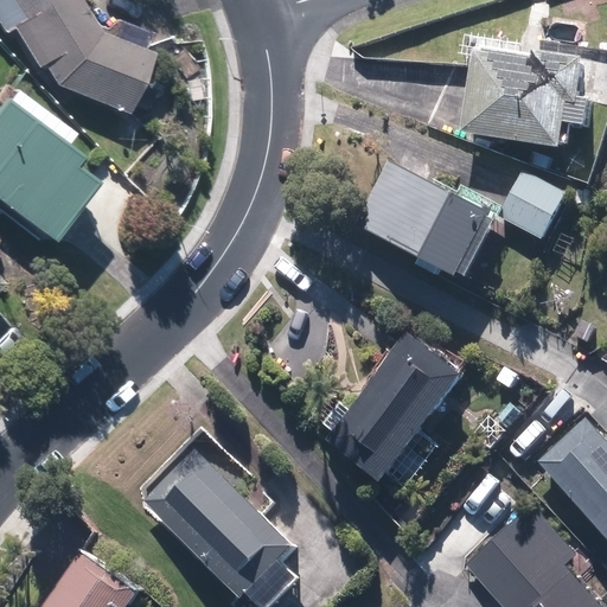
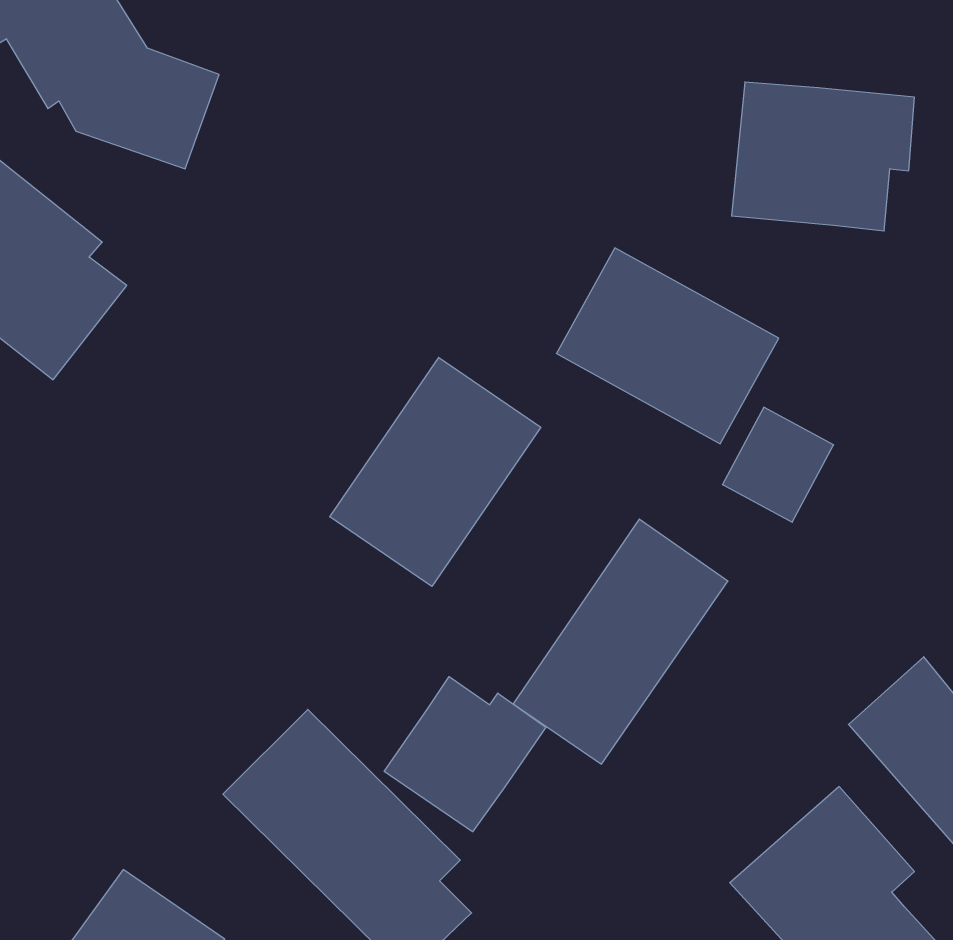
building: [498,168,568,241] -> [722,407,834,522]
building: none -> [330,357,541,586]
building: none -> [384,677,546,832]

